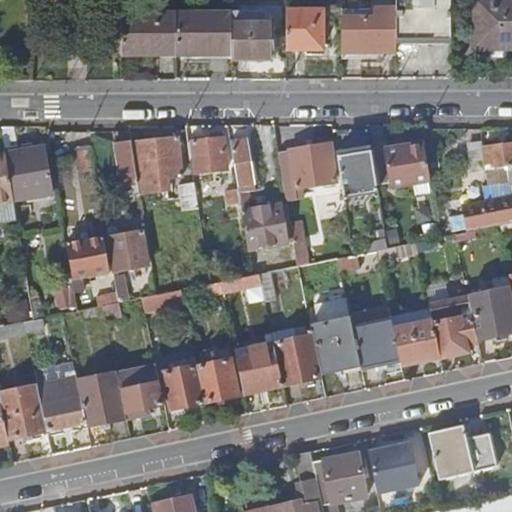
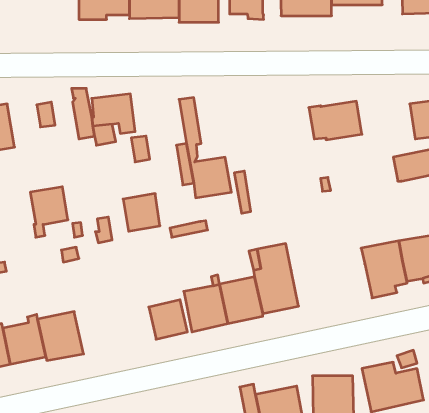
building: [191,131,227,171] -> none
building: [278,143,336,188] -> none
building: [337,150,378,196] -> none
building: [107,230,147,271] -> [123,194,160,231]
building: [352,319,400,368] -> none
building: [400,320,440,363] -> none
building: [116,365,164,418] -> none
building: [163,365,205,409] -> none

